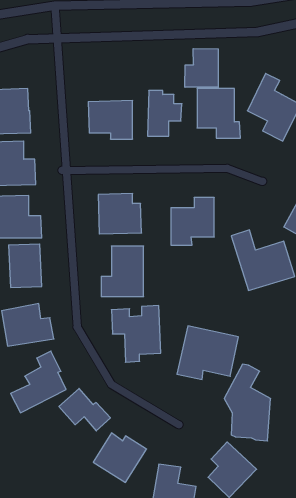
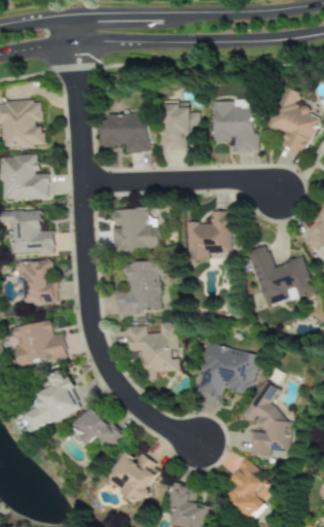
building: [185,49,218,87] -> none

